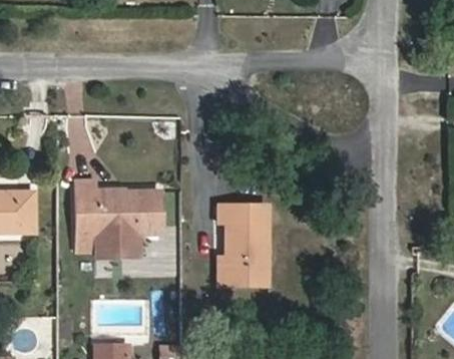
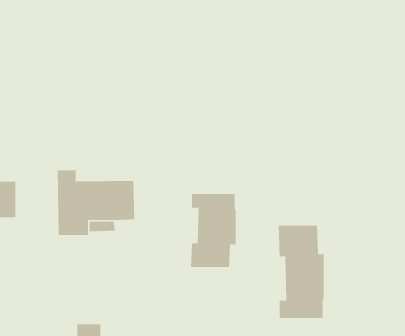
building: none -> [278,225,324,319]

